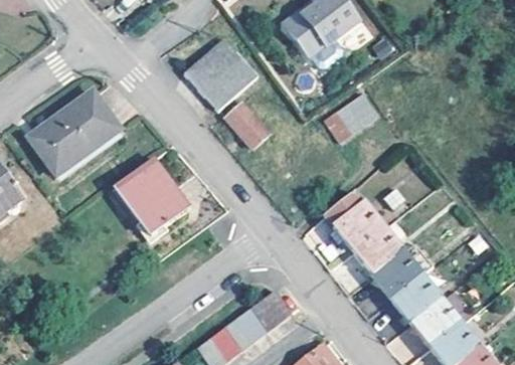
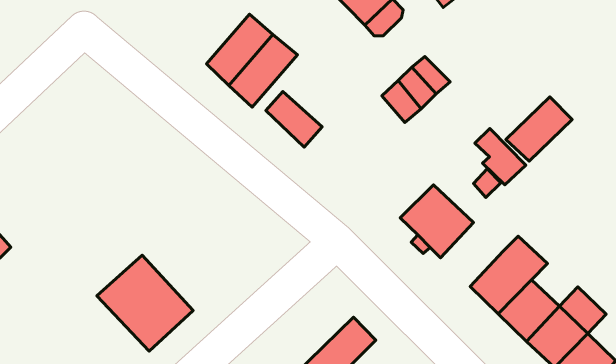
building: [28,90,119,176] -> none
building: none -> [506,97,572,161]
building: [115,158,188,233] -> [97,255,193,351]
building: [352,225,401,275] -> none

